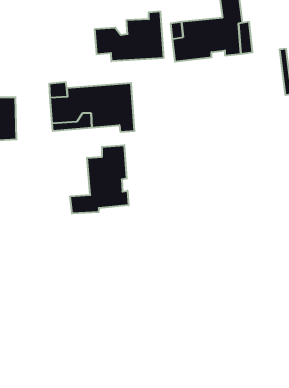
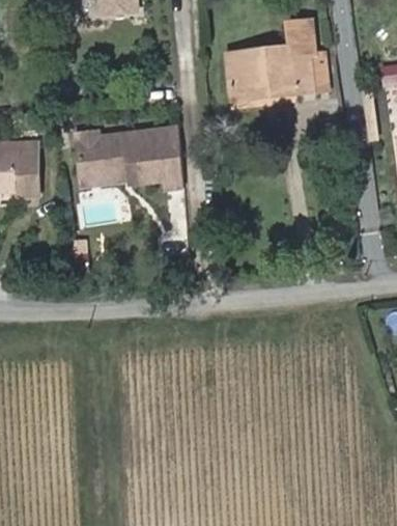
building: [95,11,163,61] -> none
building: [70,145,129,214] -> none

